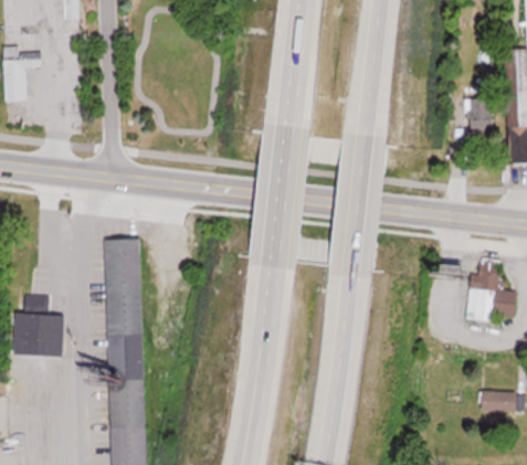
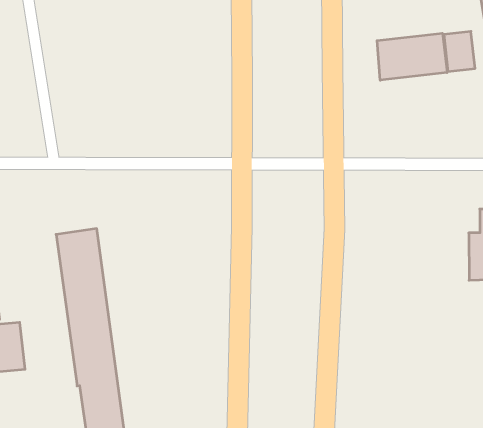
building: none -> [377,33,447,80]

